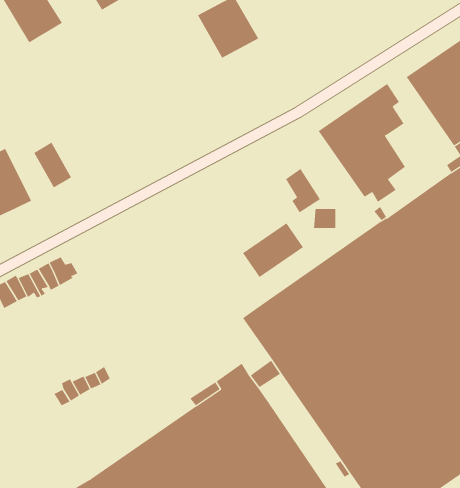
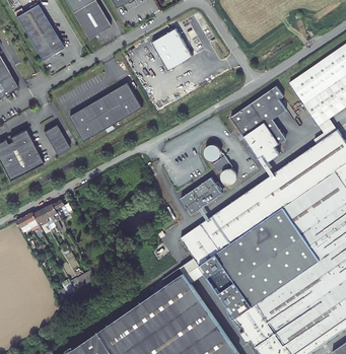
building: none -> [70,83,143,141]

